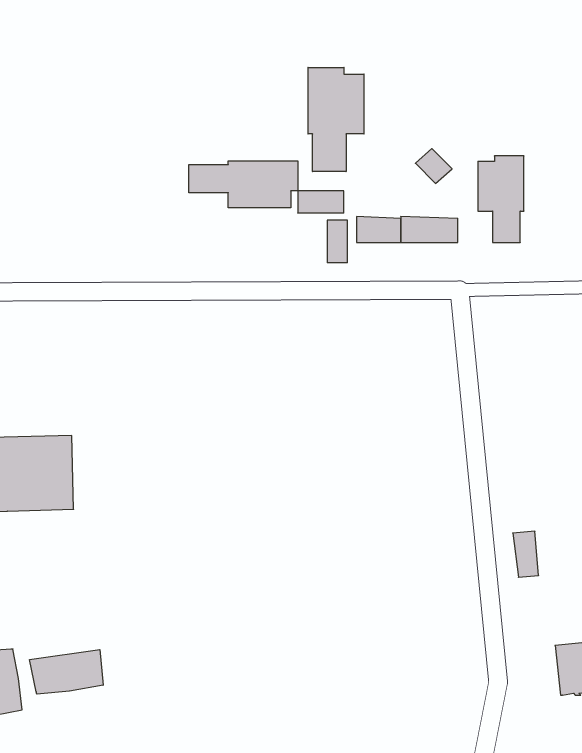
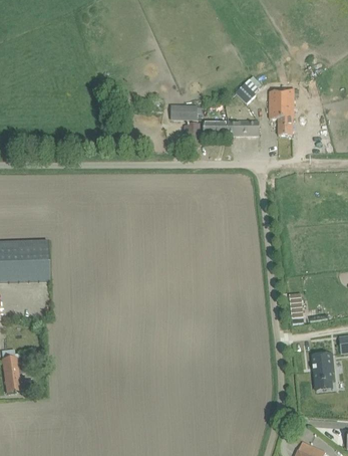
building: [308,67,364,172] -> none
building: [189,161,298,208] -> none
building: [30,650,103,694] -> none

